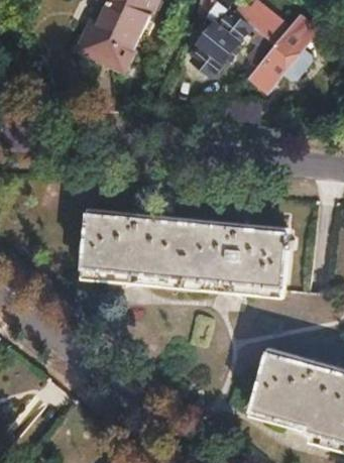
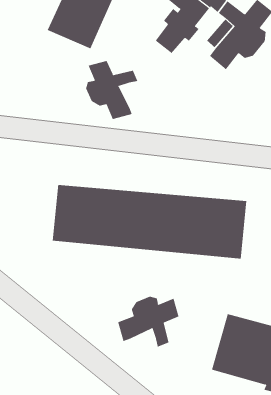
building: none -> [85,60,138,120]
building: none -> [118,296,179,347]

